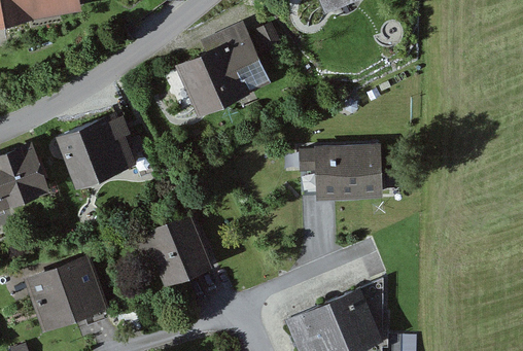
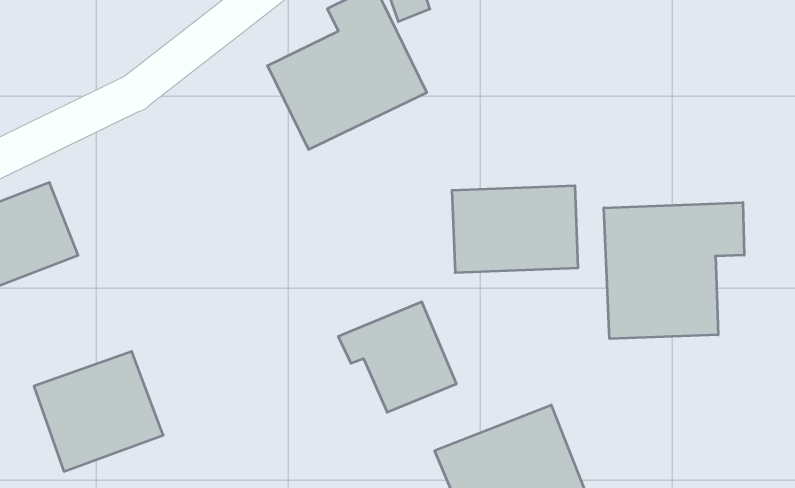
building: [55,111,139,189] -> none
building: none -> [604,202,744,339]
building: [136,214,213,286] -> [338,302,456,412]

